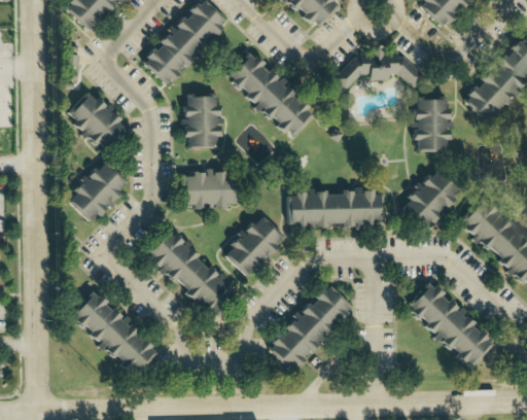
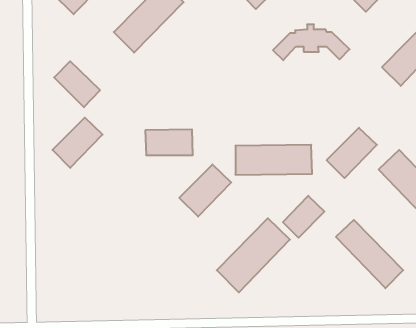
building: [226,49,316,140] -> none
building: [187,95,219,147] -> none
building: [416,99,450,154] -> none
building: [148,227,232,312] -> none
building: none -> [283,196,324,238]
building: [73,293,161,382] -> none

